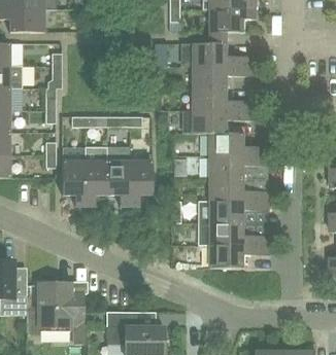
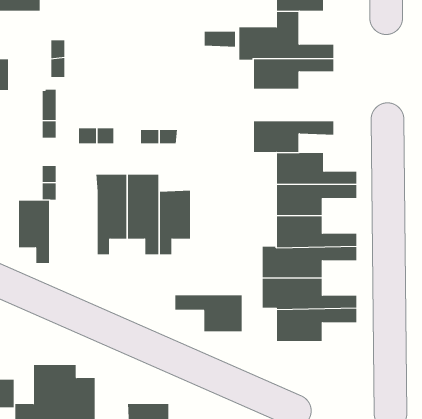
building: [195,87,253,110] -> none
building: [61,161,83,206] -> [18,200,50,264]
building: none -> [175,294,242,332]

